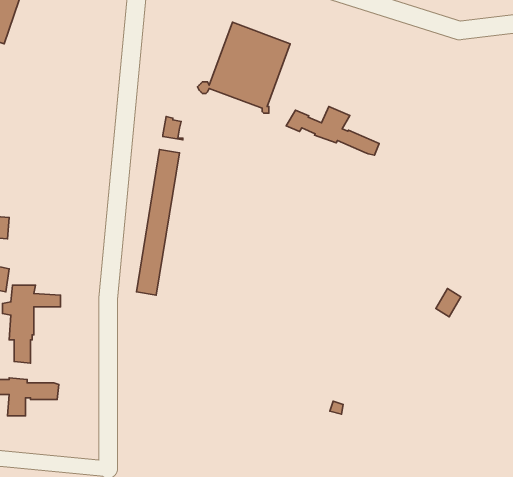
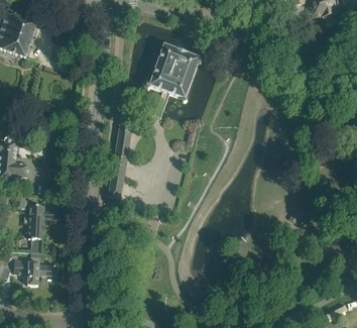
building: [286,106,379,155] -> none

